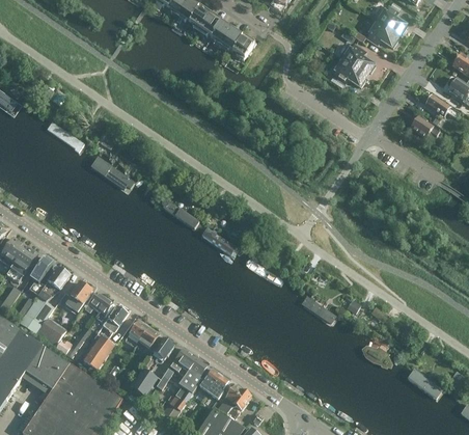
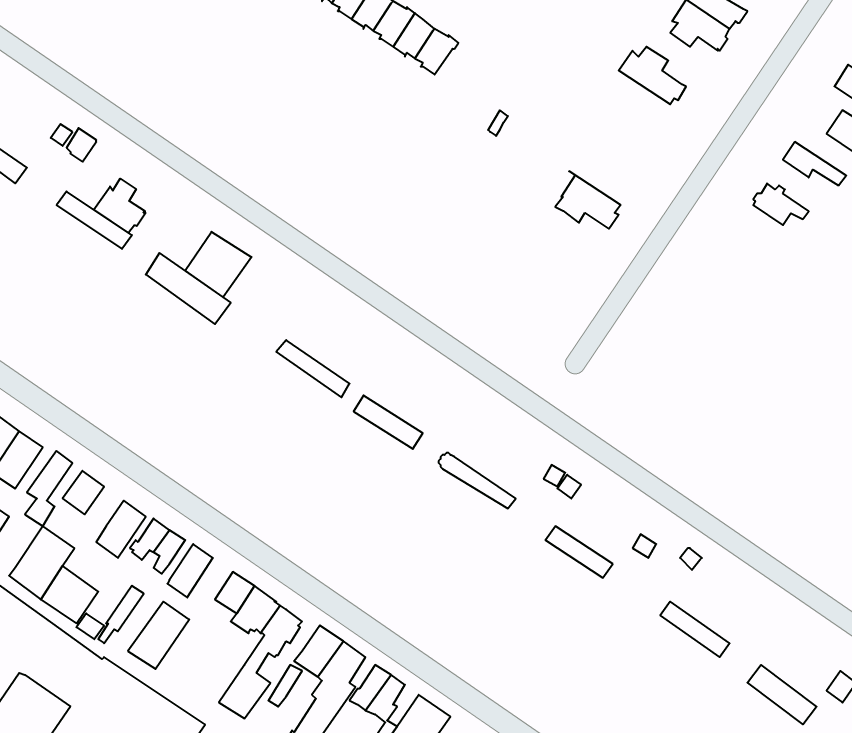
building: [332,57,366,87] -> [555,171,621,229]
building: none -> [94,179,146,233]
building: none -> [185,232,252,297]

